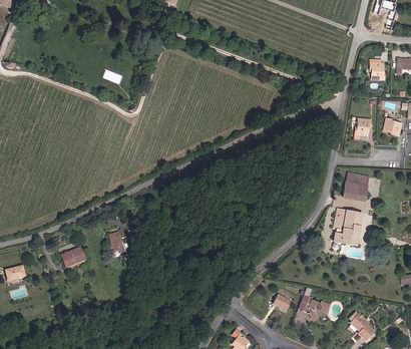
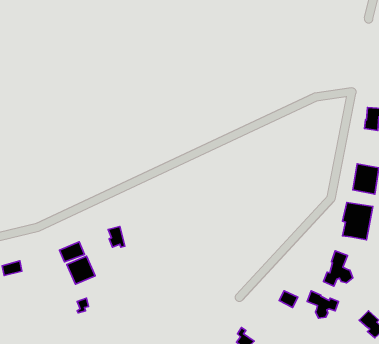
building: none -> [323,251,353,286]
building: none -> [67,256,95,284]

